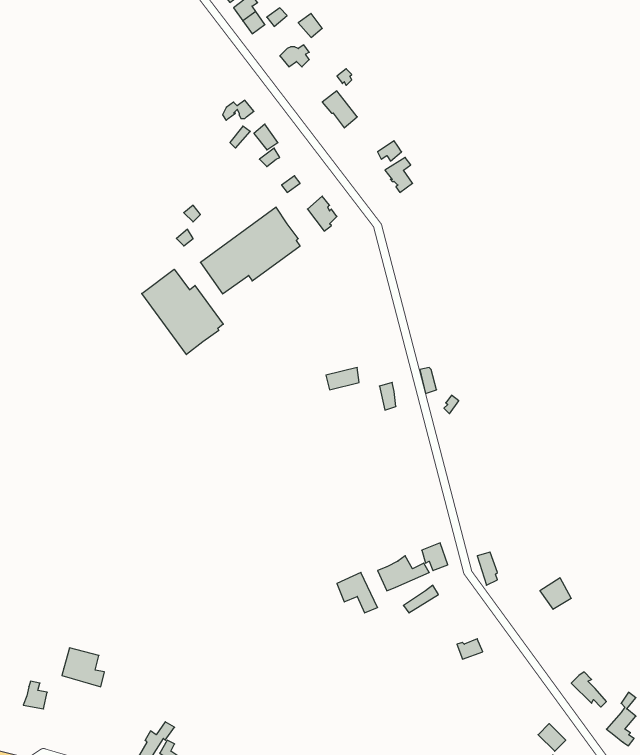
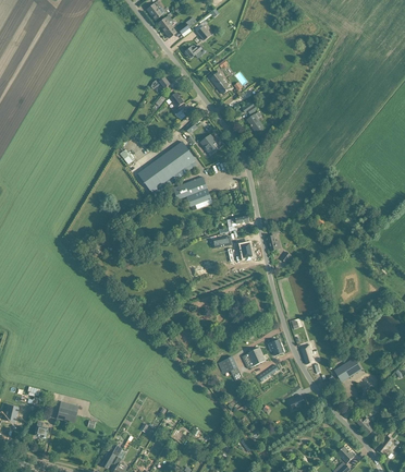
building: none -> [172,177,211,206]
building: [142,269,223,355] -> none

